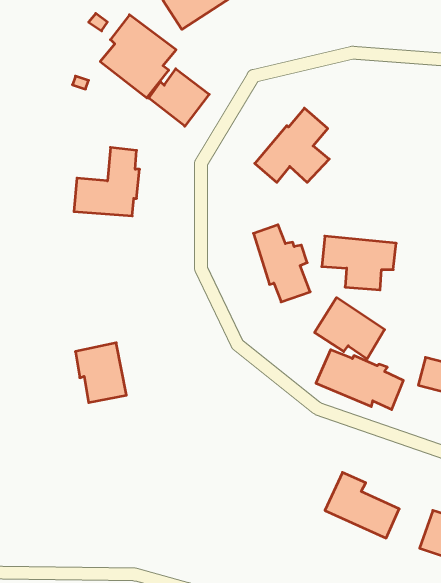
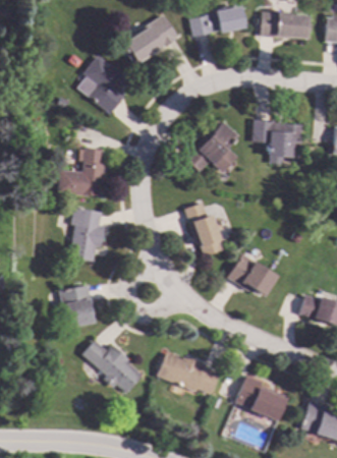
building: [149,69,209,126] -> none
building: none -> [70,208,105,262]
building: [322,236,396,290] -> [250,120,302,158]
building: [316,350,403,410] -> [157,353,218,395]
building: none -> [82,340,142,393]

